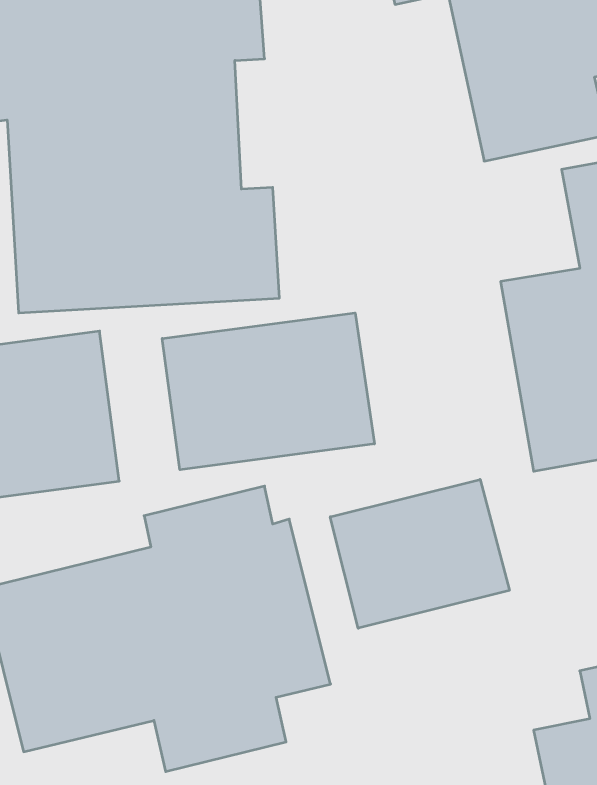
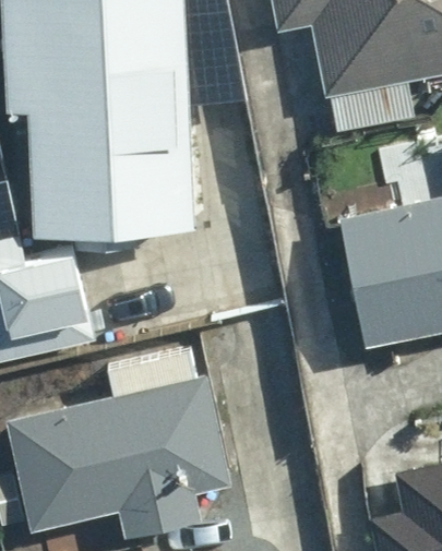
building: [162,313,374,470] -> none
building: [330,479,509,628] -> none

